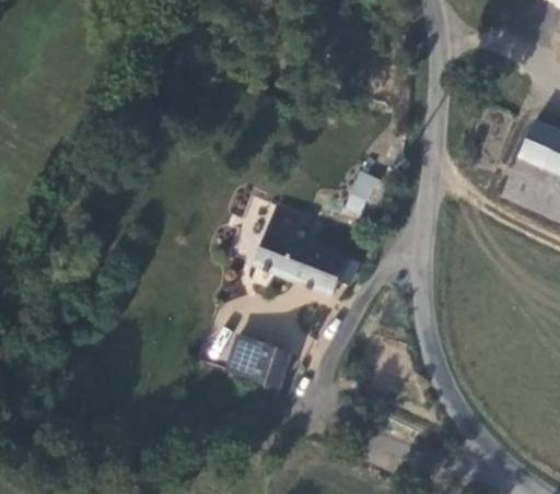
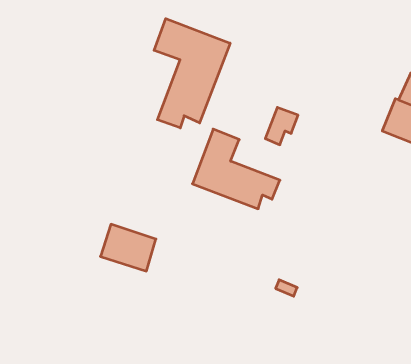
building: none -> [154,19,230,128]
building: [225,331,295,390] -> [100,224,156,271]

